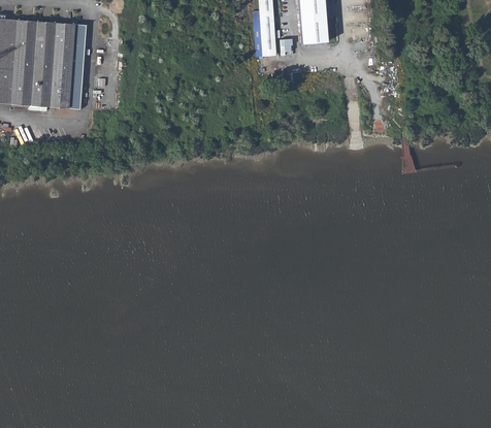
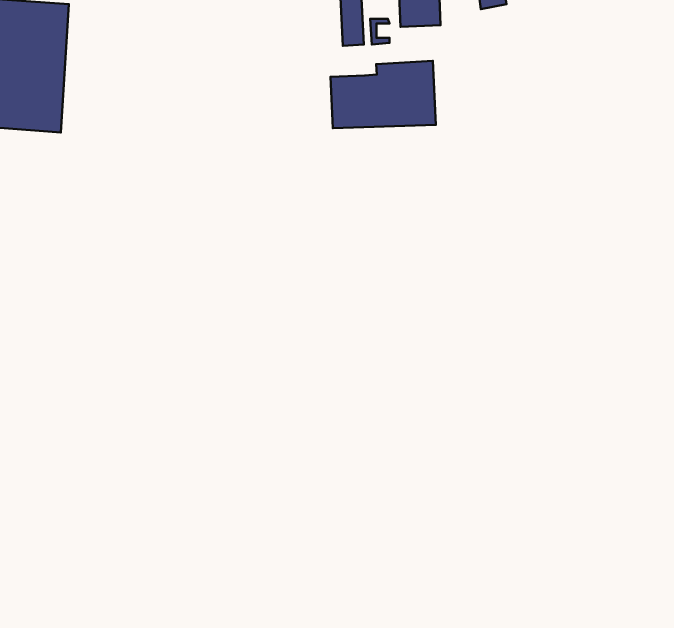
building: none -> [331,61,436,128]

